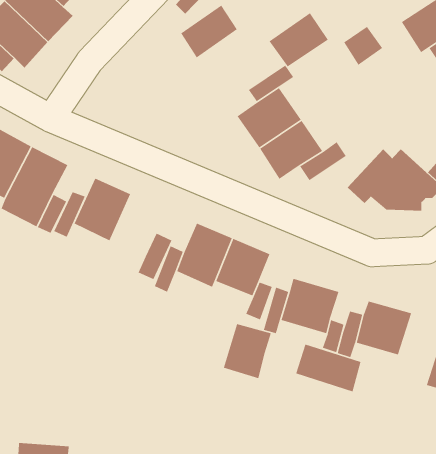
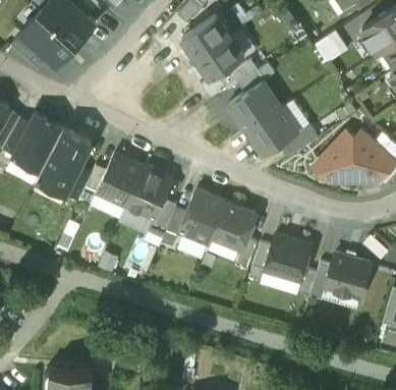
building: [269,12,329,67] -> [195,36,244,80]
building: none -> [125,169,171,220]
building: [223,323,272,379] -> none
building: [295,344,362,393] -> none

